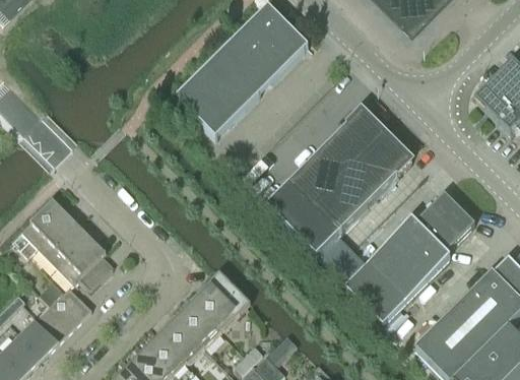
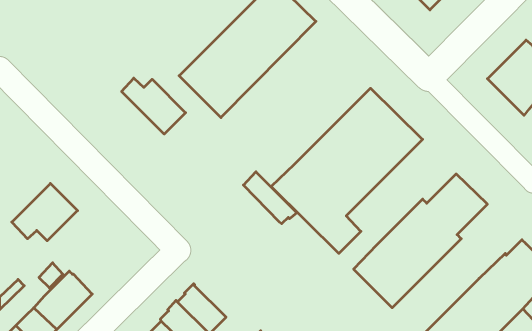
building: none -> [122,78,186,134]
building: none -> [243,172,297,224]
building: [47,228,112,290] -> none
building: [189,271,250,331] -> none

